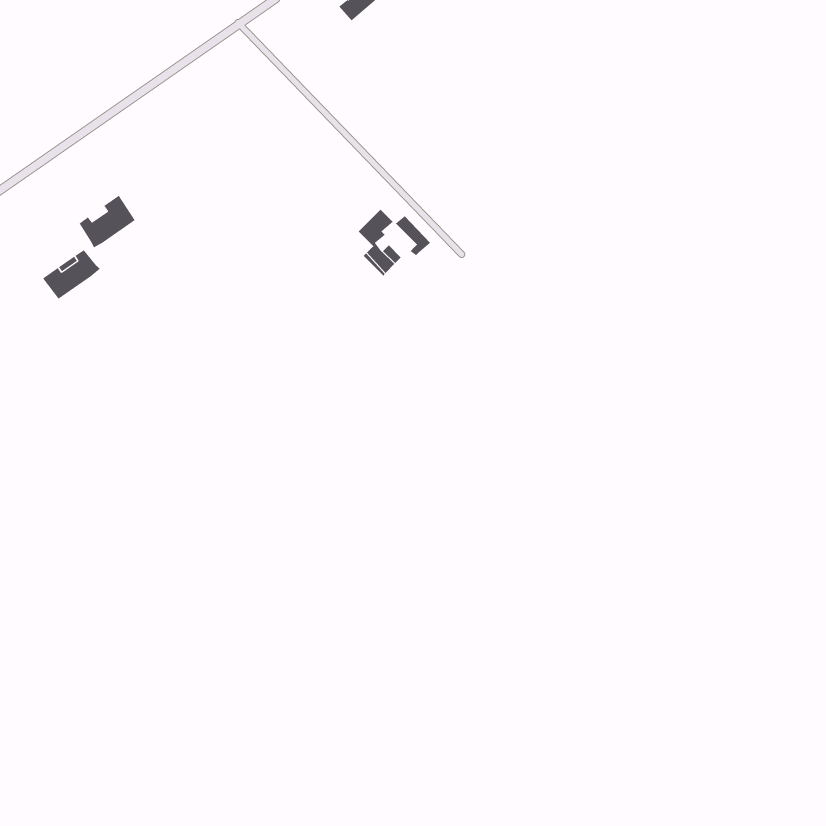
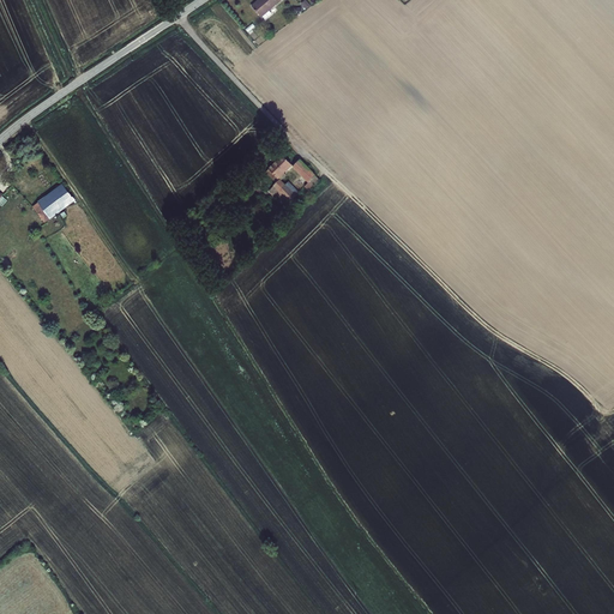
building: [79,195,136,248] -> none

